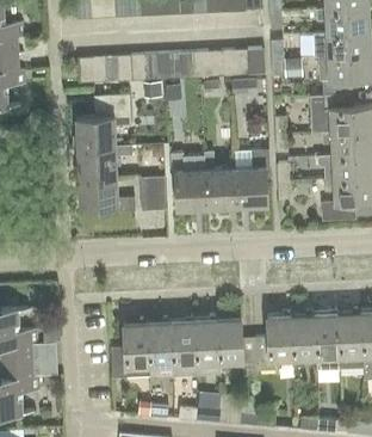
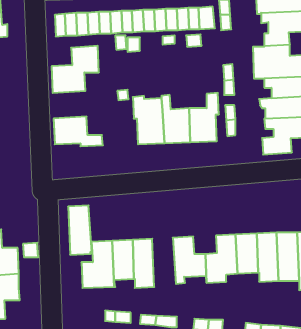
building: [76,146,131,179] -> none
building: [140,177,165,210] -> none
building: [192,318,219,375] -> [68,205,92,255]

